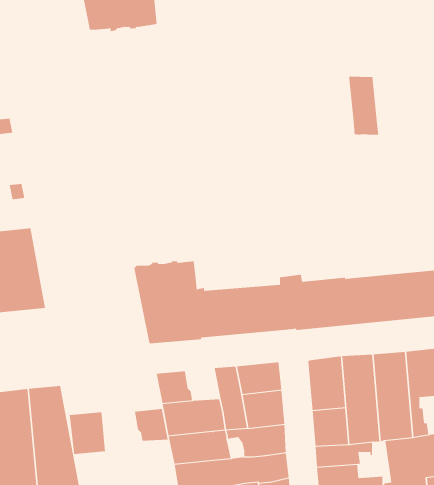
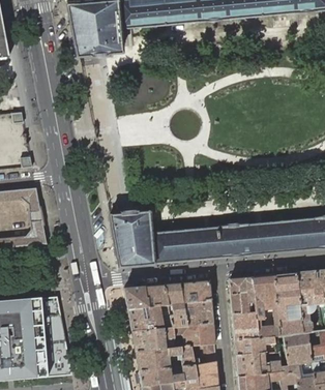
building: [348,76,379,136] -> none
building: [134,409,168,441] -> [144,286,168,308]
building: [69,411,105,455] -> none

